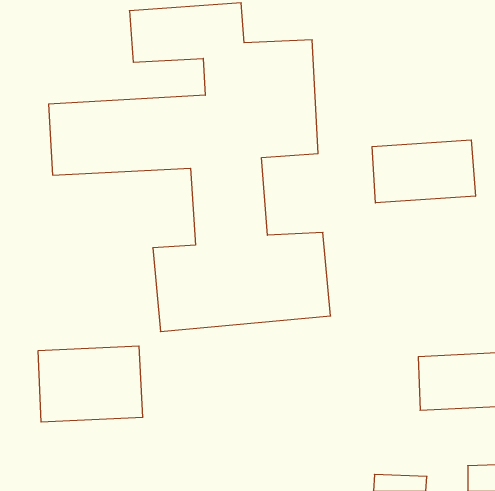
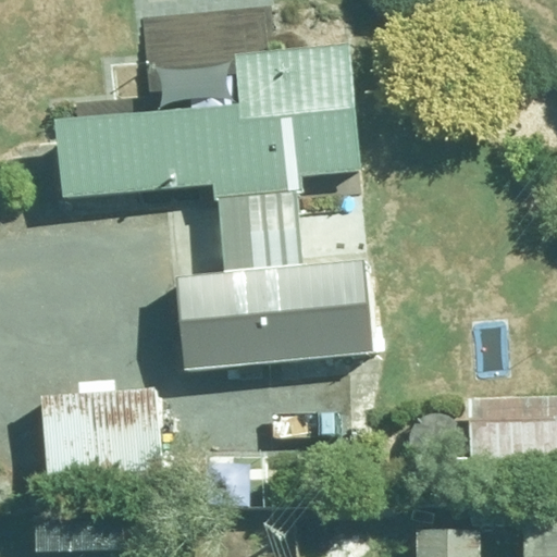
building: [372,140,475,203] -> none

